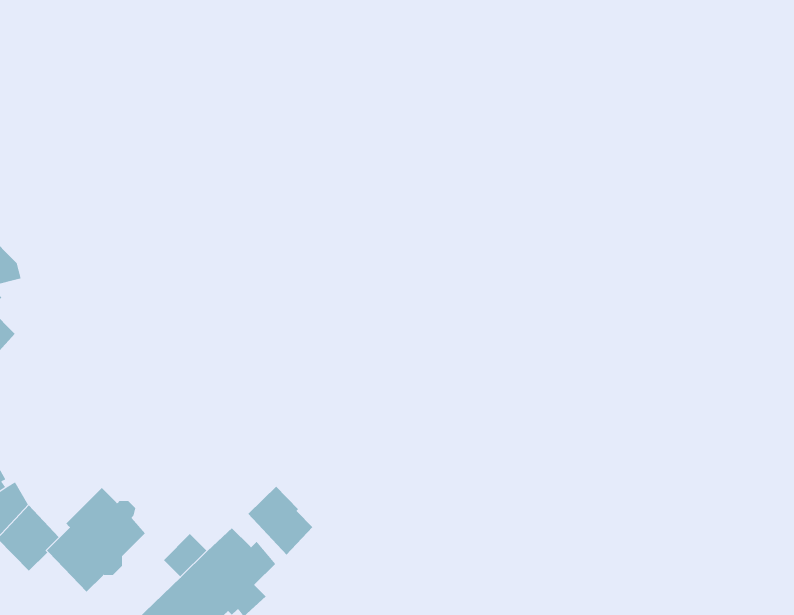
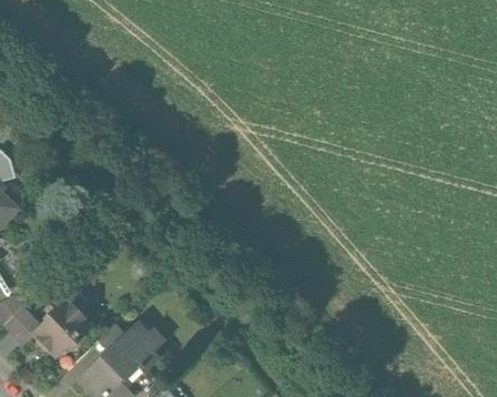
building: [248,486,313,555] -> none

